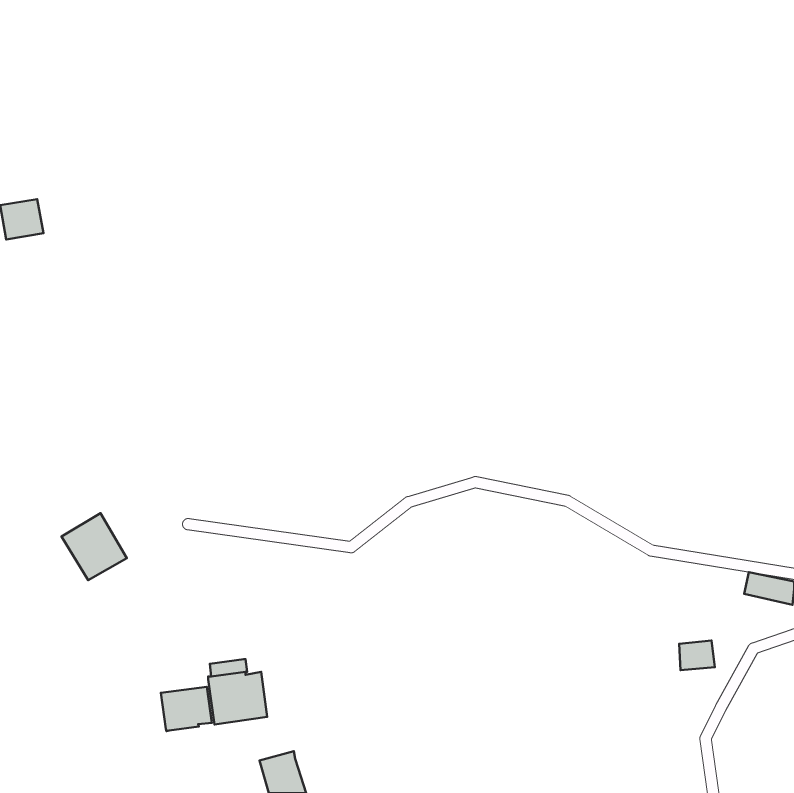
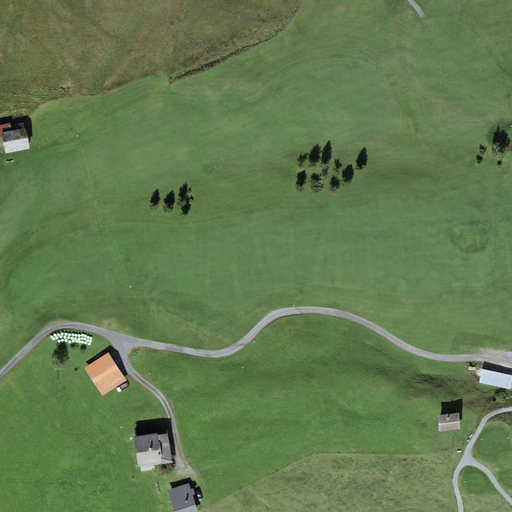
building: [62,513,127,580] -> [84,351,126,394]
building: [161,687,212,731] -> none

